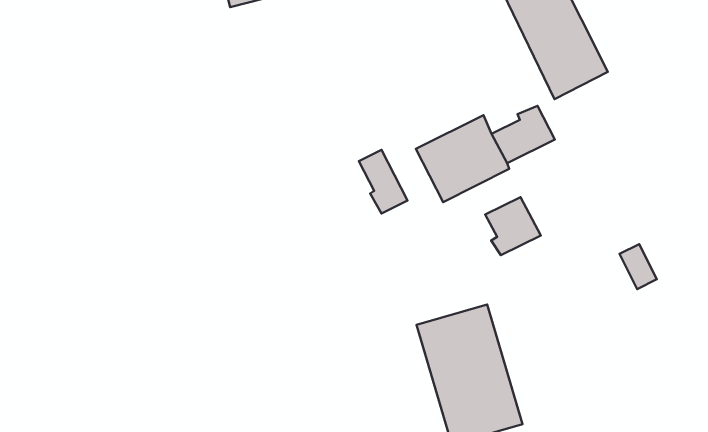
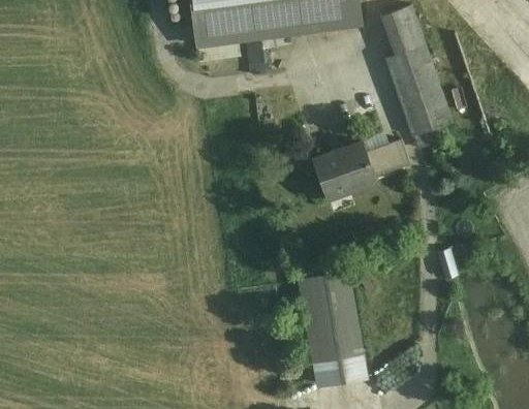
building: [359,150,408,214] -> none
building: [485,197,541,255] -> none

